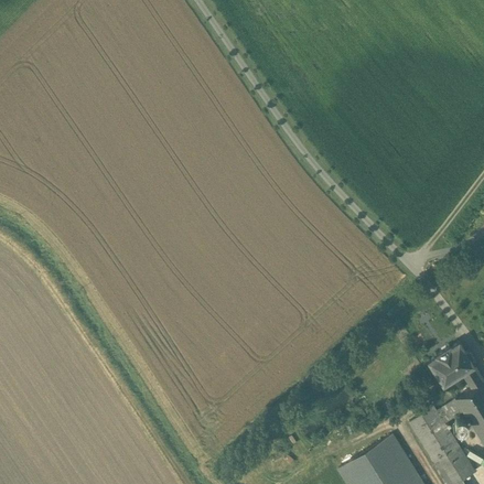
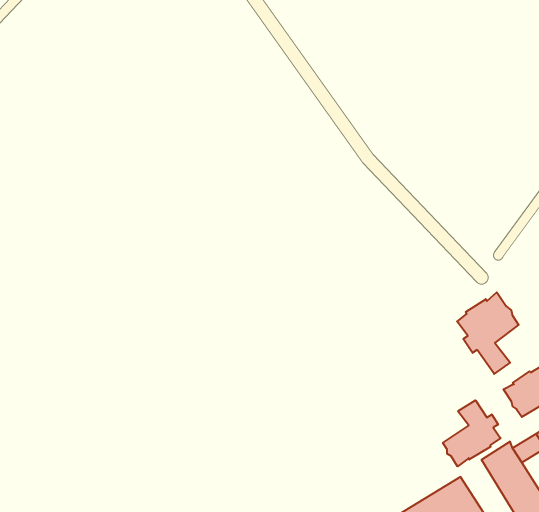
building: none -> [457,292,519,374]
building: none -> [443,400,501,466]

